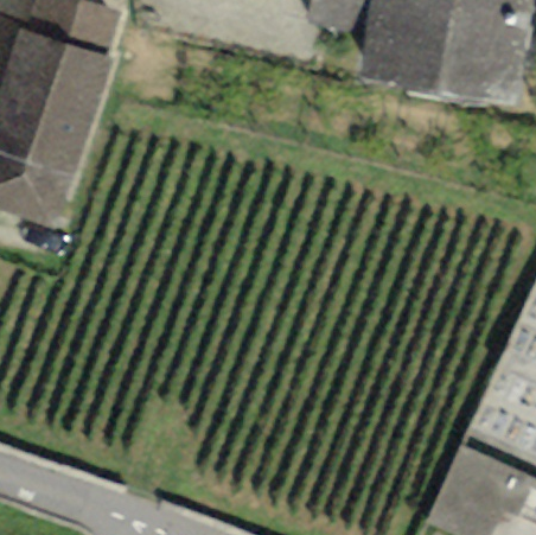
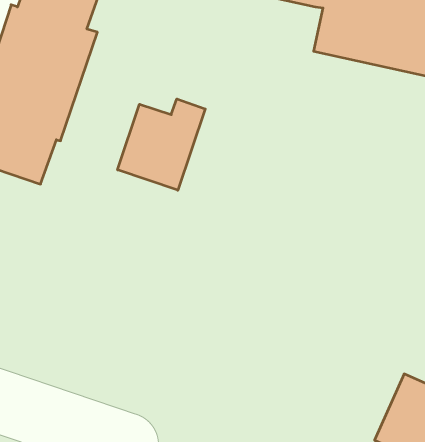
building: none -> [118,99,205,190]

